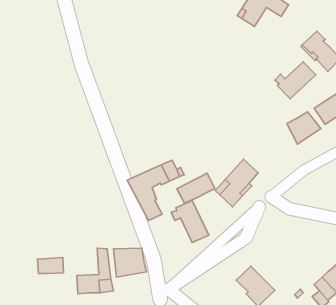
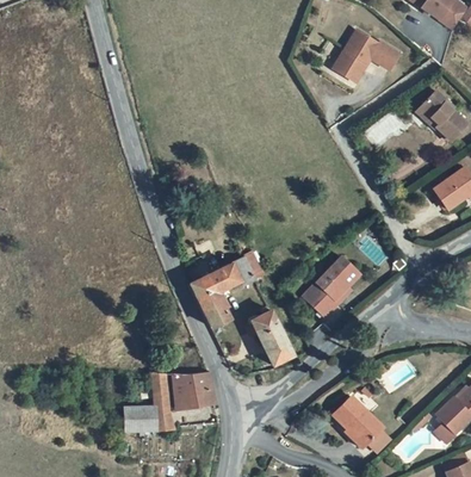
building: [275,62,316,99] -> none
building: [287,112,321,144] -> none
building: [177,173,215,203] -> none
building: [38,258,64,274] -> none

